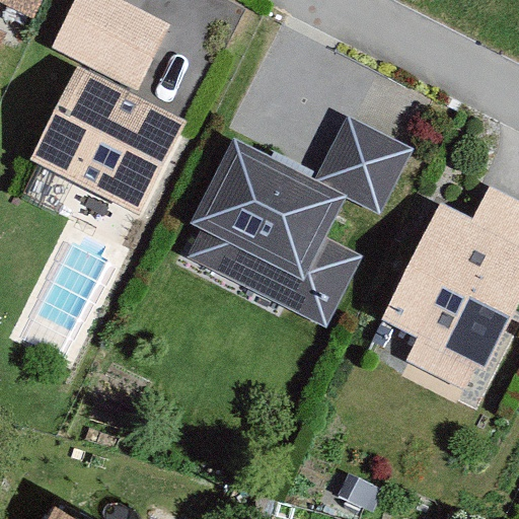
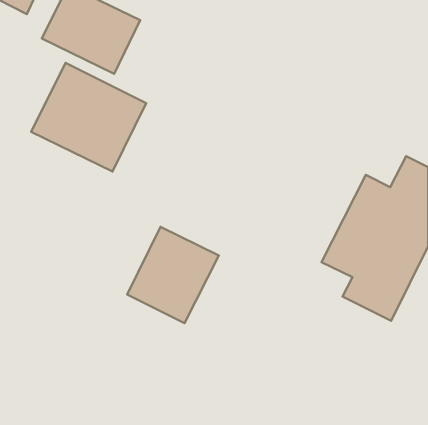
building: [188,123,405,323] -> none
building: none -> [127,227,219,323]

